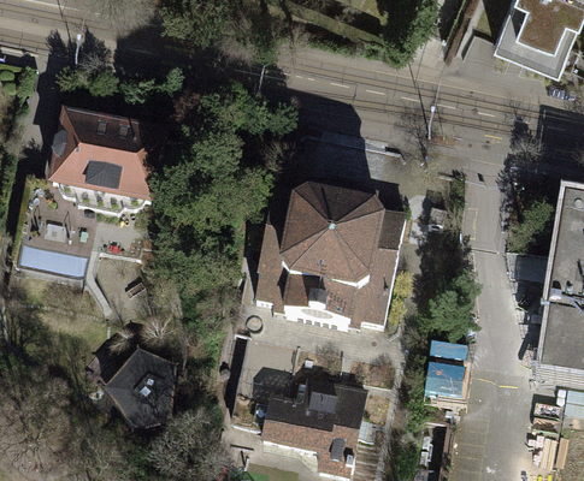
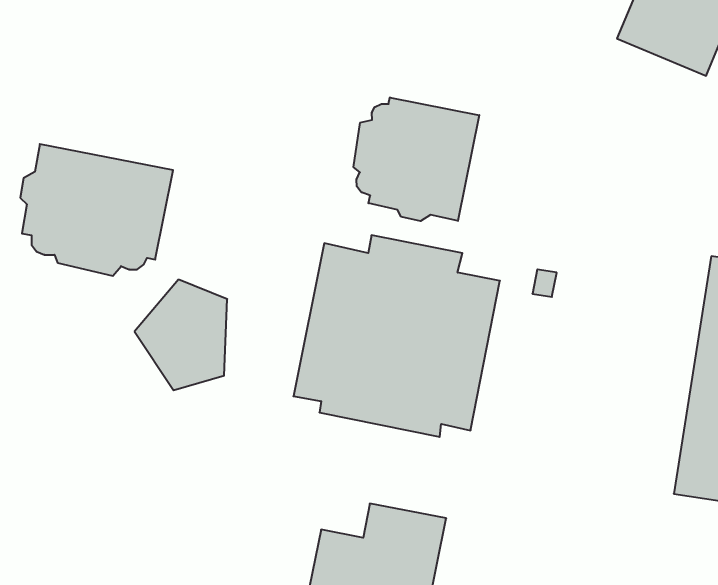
building: none -> [353,97,479,221]
building: [106,348,175,429] -> [135,280,227,390]

